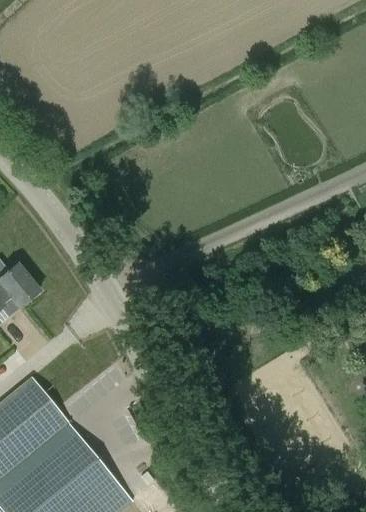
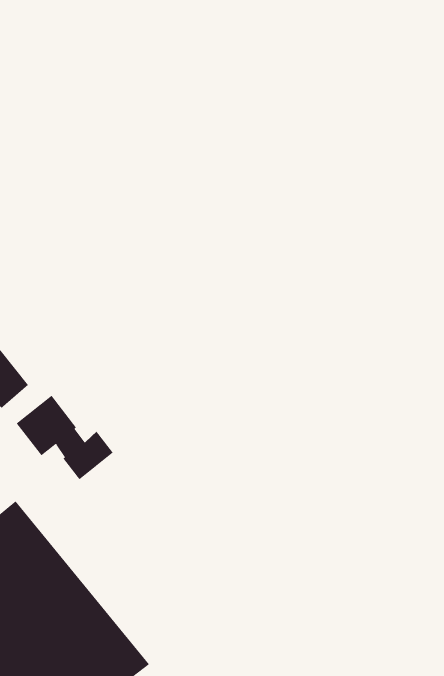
building: none -> [16,395,113,480]

